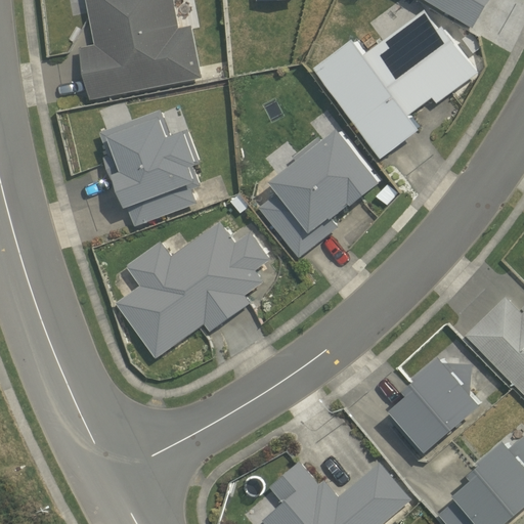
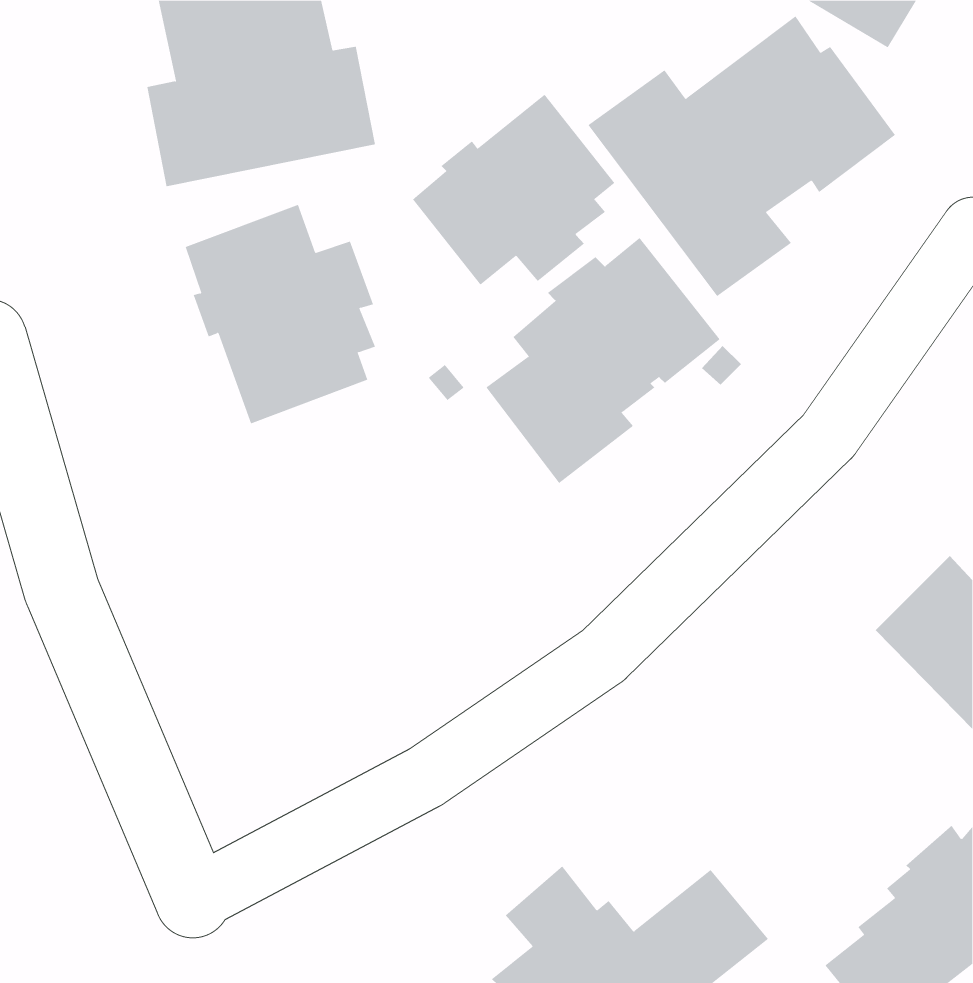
building: none -> [412,94,615,285]
building: [115,221,268,358] -> none
building: [387,355,482,456] -> none

